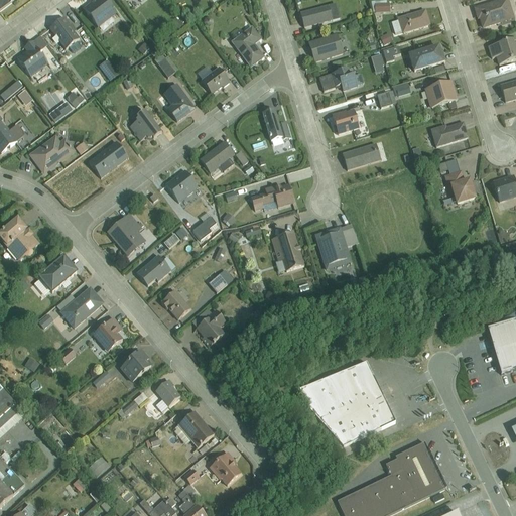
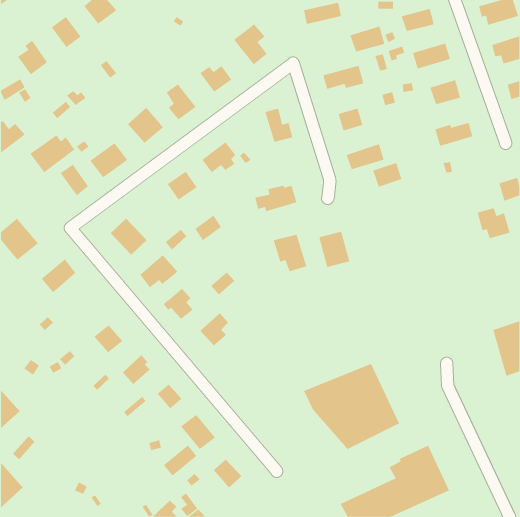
building: [308,33,344,59] -> [350,26,385,52]
building: none -> [372,162,402,188]
building: none -> [60,164,89,196]
building: [443,170,477,202] -> [477,207,510,239]
building: [60,285,102,325] -> none
building: none -> [163,444,197,477]

